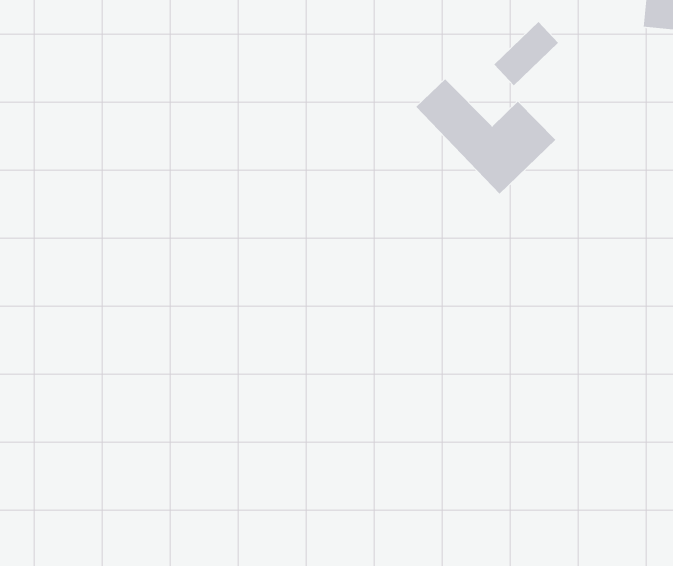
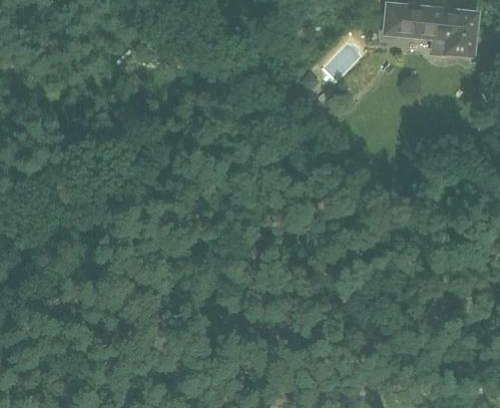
building: [416,78,556,195] -> none

